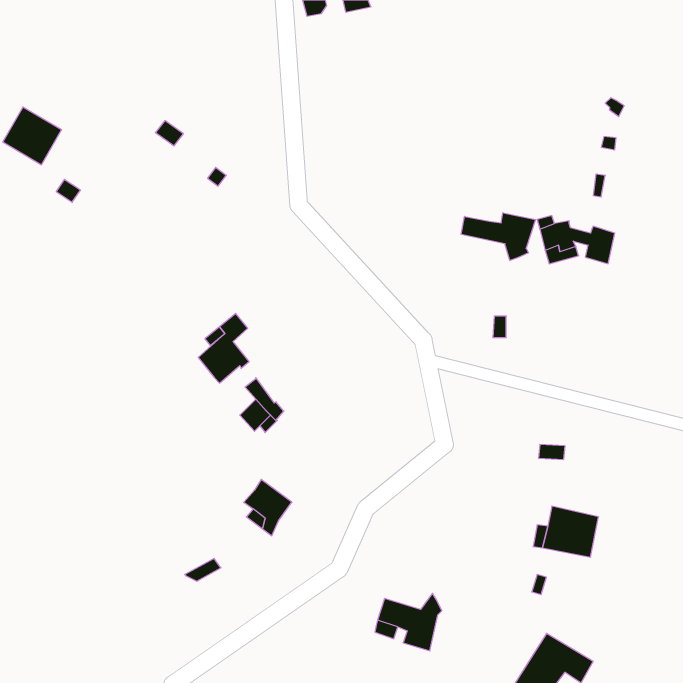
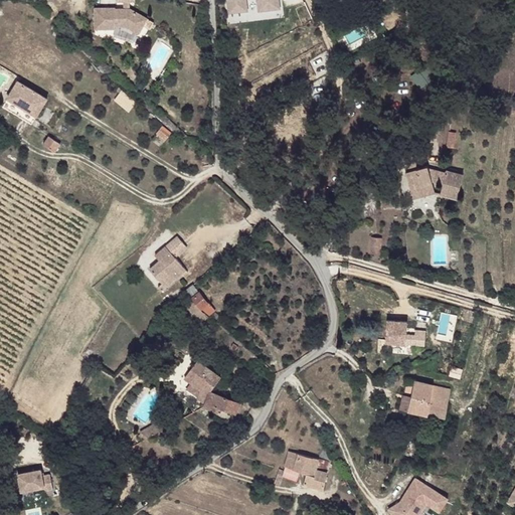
building: none -> [94,9,147,34]
building: [461,213,536,260] -> none
building: none -> [384,321,406,345]
building: none -> [203,392,238,413]
building: none -> [17,471,52,493]

